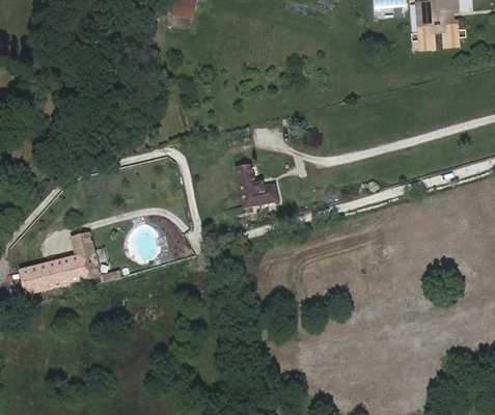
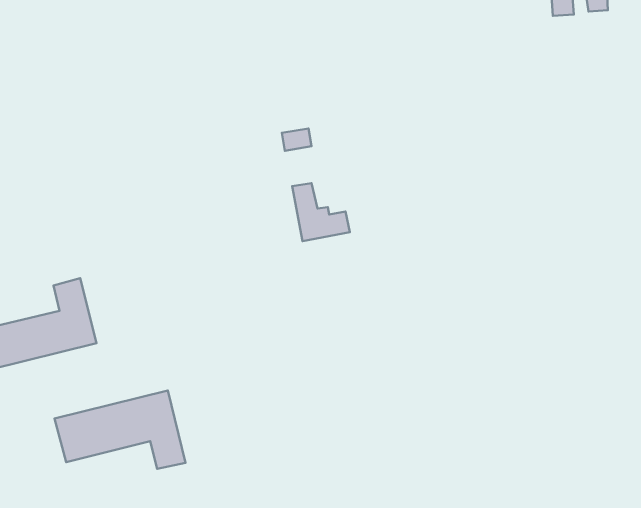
building: none -> [55,391,186,469]

